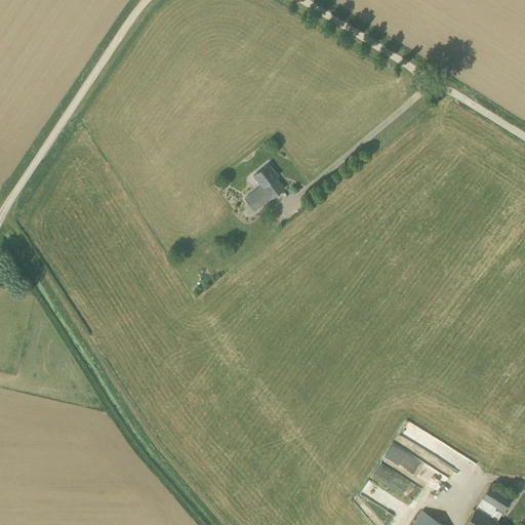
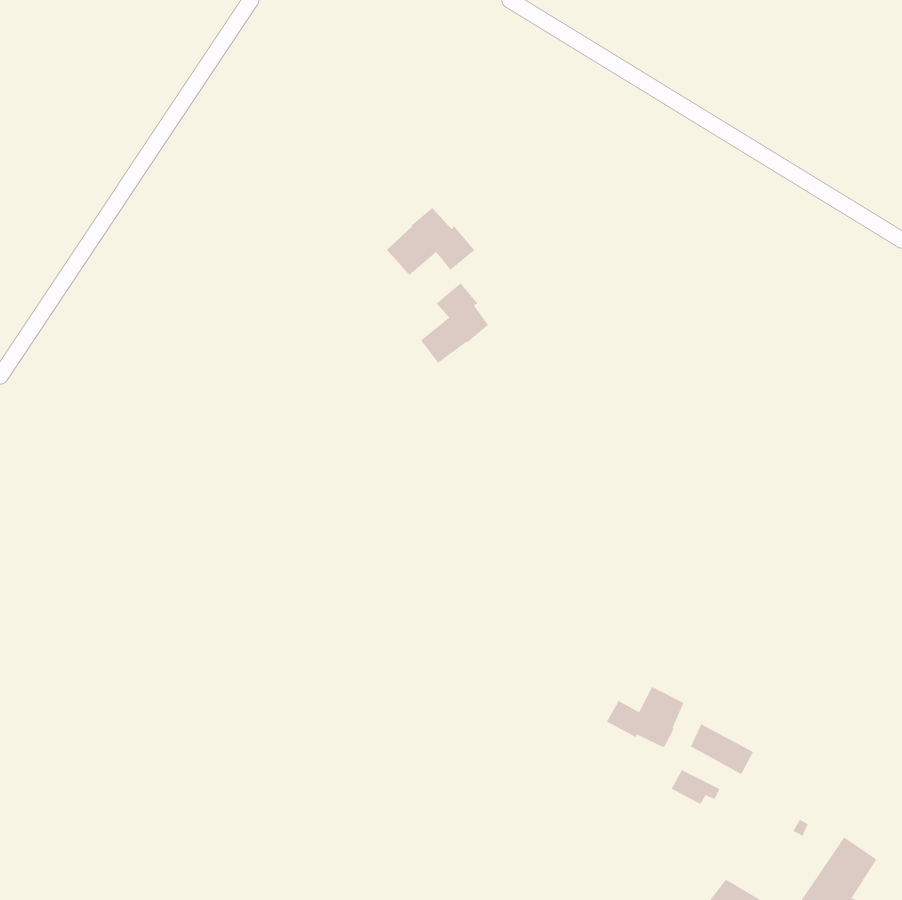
building: none -> [386,207,475,276]
building: none -> [606,686,684,748]

